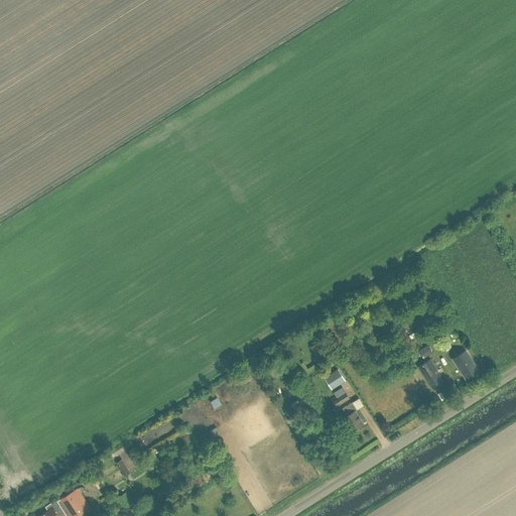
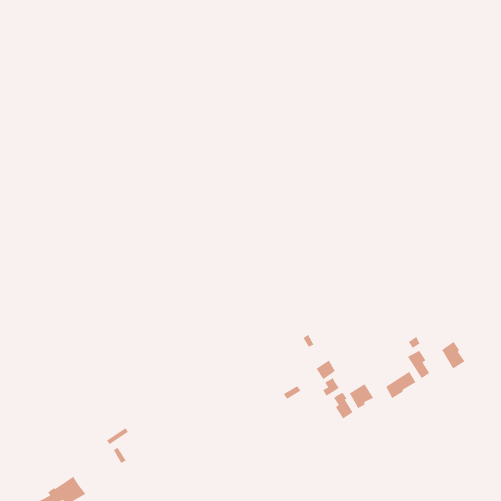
building: none -> [385,371,417,399]
building: none -> [349,383,374,409]

